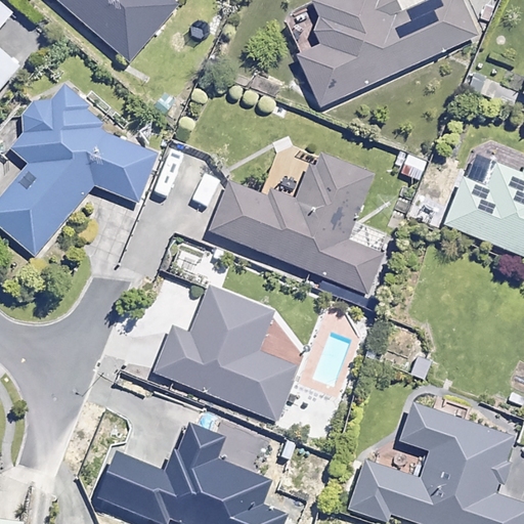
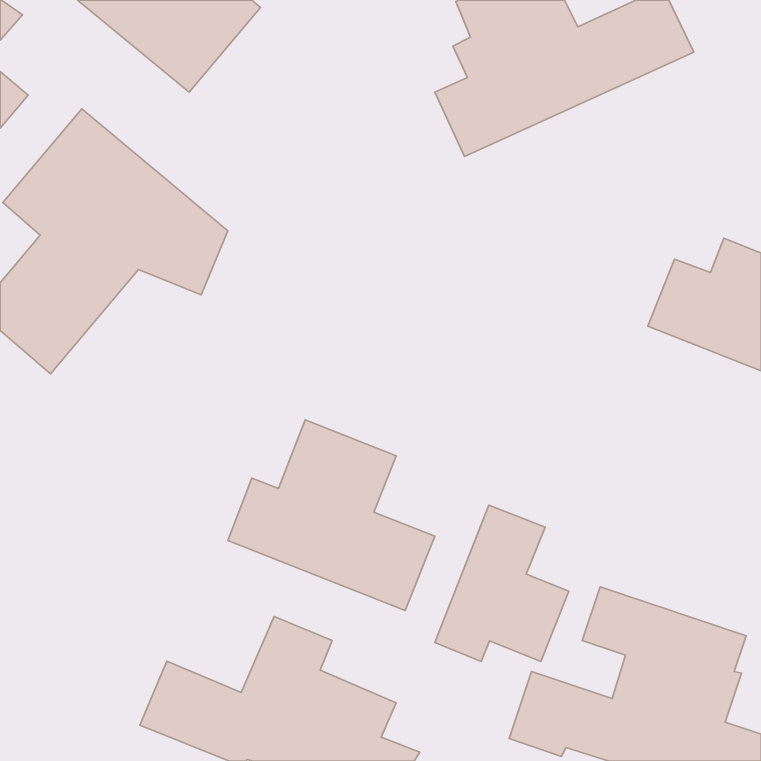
building: [211,151,383,293] -> none
building: none -> [435,505,569,662]

